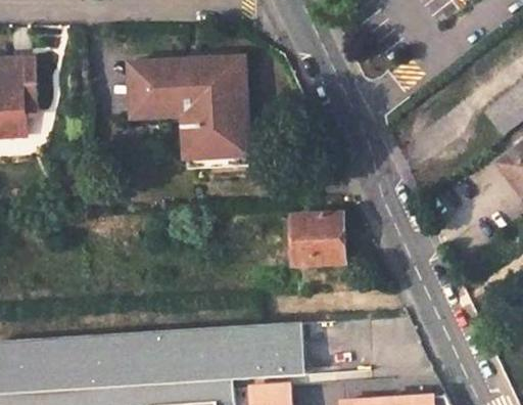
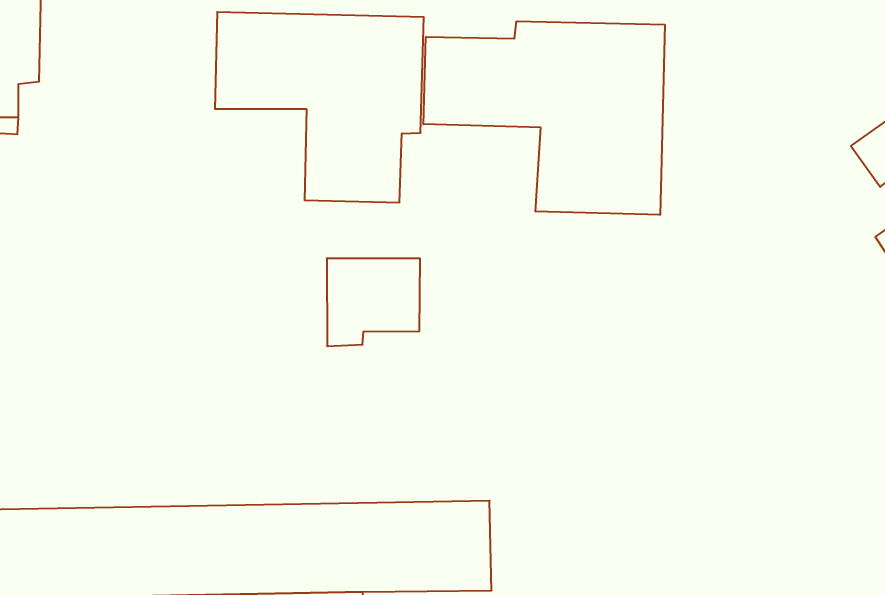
building: none -> [423,21,665,215]
building: [291,212,344,263] -> [327,258,420,346]

